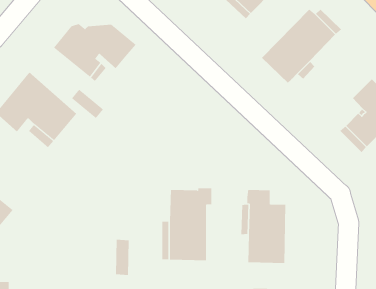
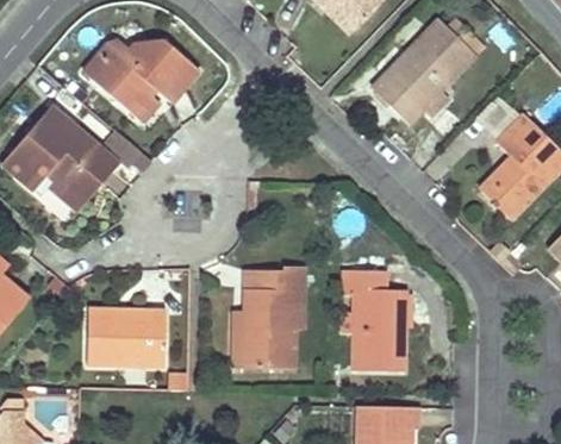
building: none -> [87,308,167,365]

